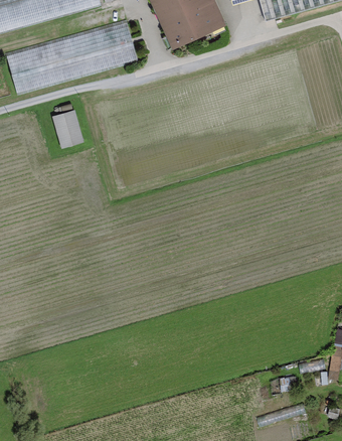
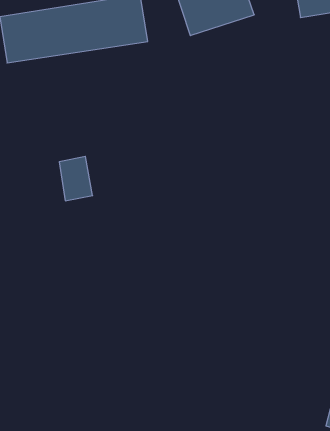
building: [53,105,86,145] -> [59,156,93,201]

